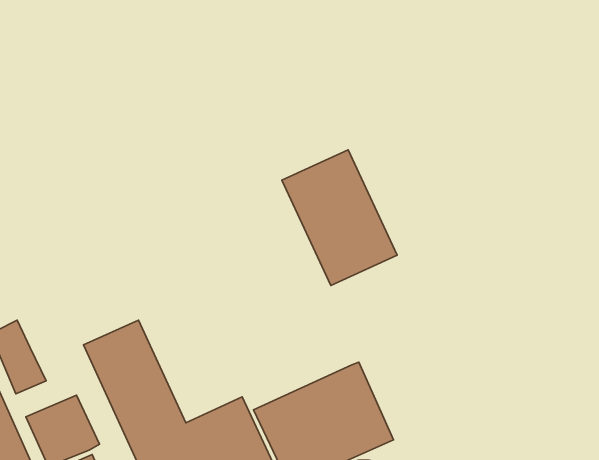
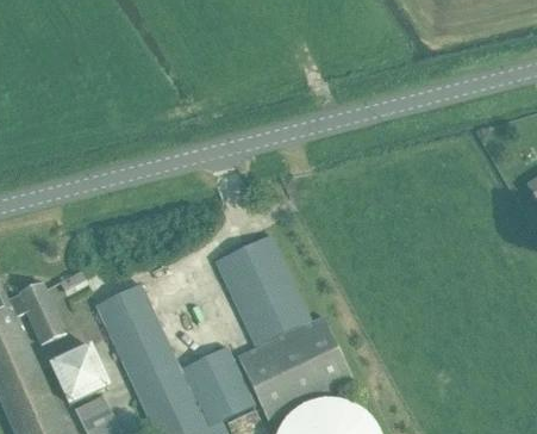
building: [282,150,397,285] -> [216,235,311,347]

